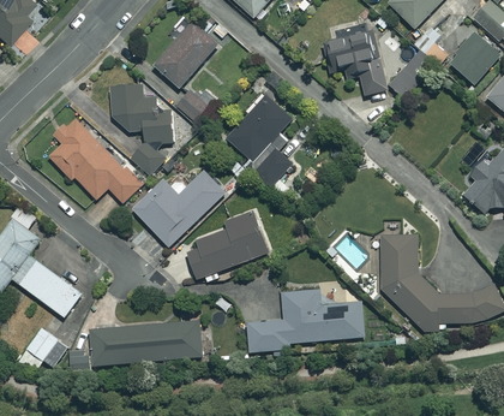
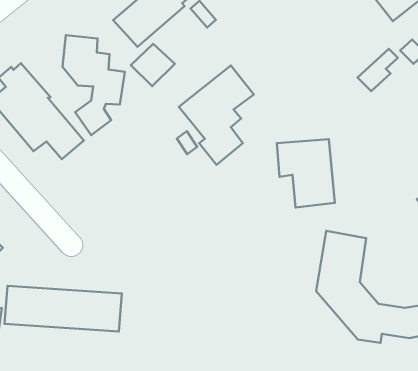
building: [325,30,388,99] -> [277,139,335,207]
building: [133,171,226,246] -> none
building: [187,212,269,279] -> none
building: [239,289,366,352] -> none

